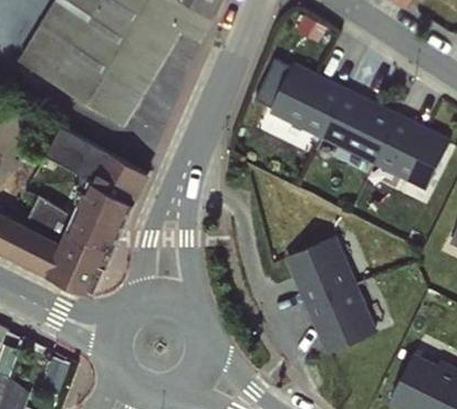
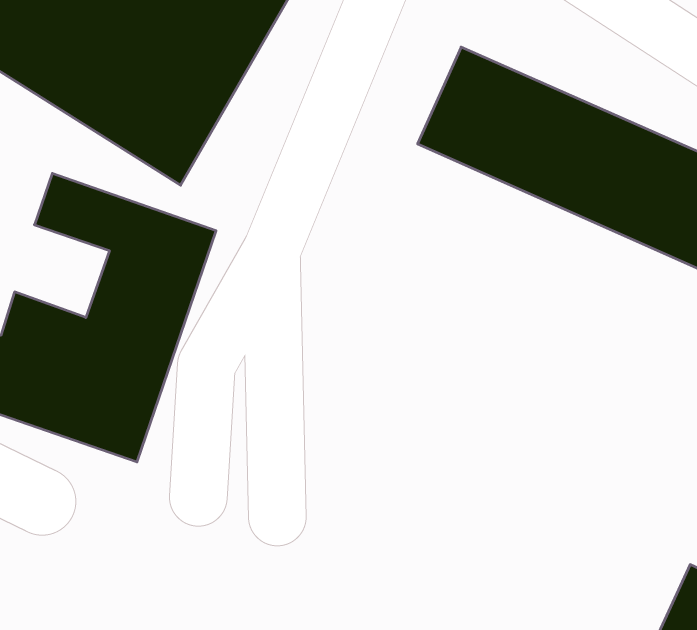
building: [288,234,376,352] -> none

